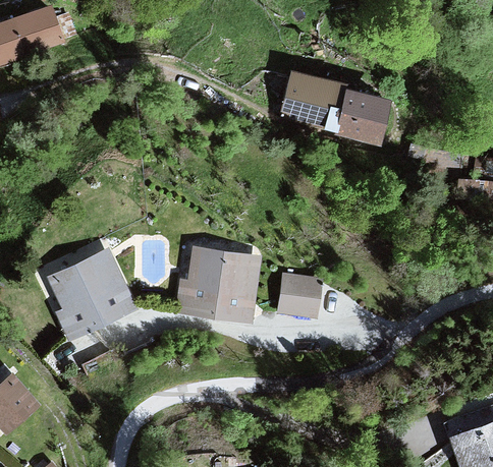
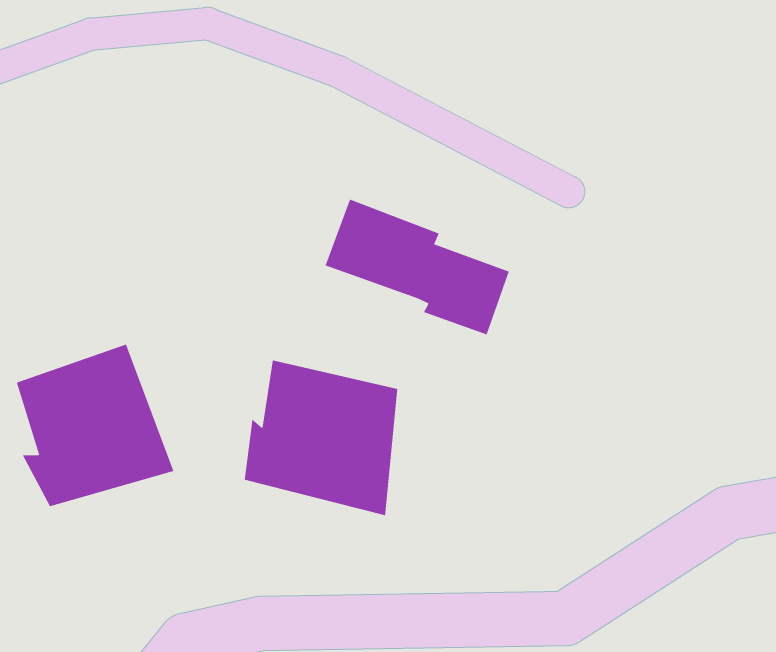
building: [287,72,390,140] -> [324,198,510,335]
building: [279,267,325,312] -> none

